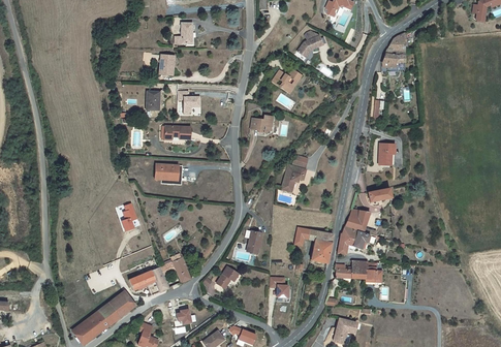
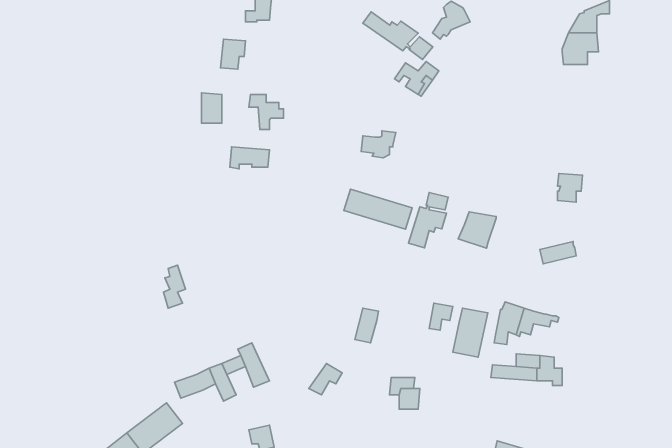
building: none -> [363,12,433,60]
building: none -> [344,189,412,229]
building: [155,163,183,184] -> none
building: [345,208,370,231] -> [458,212,496,248]

